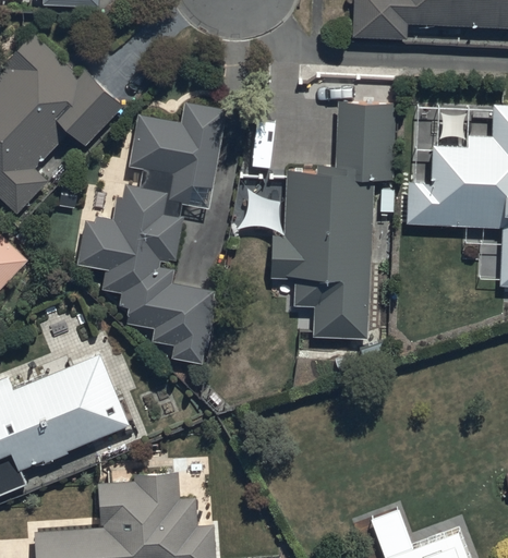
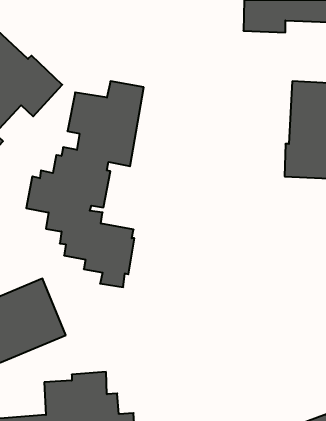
building: [270,101,396,338] -> none

